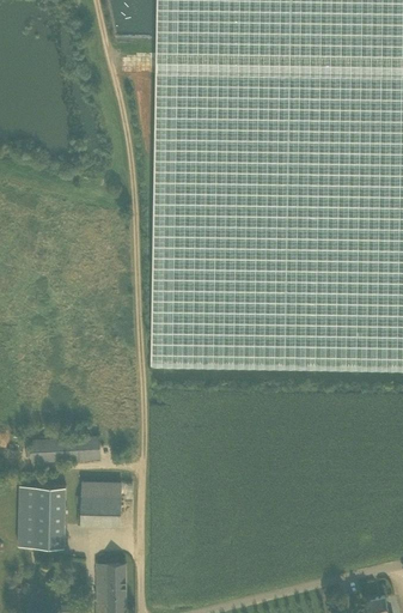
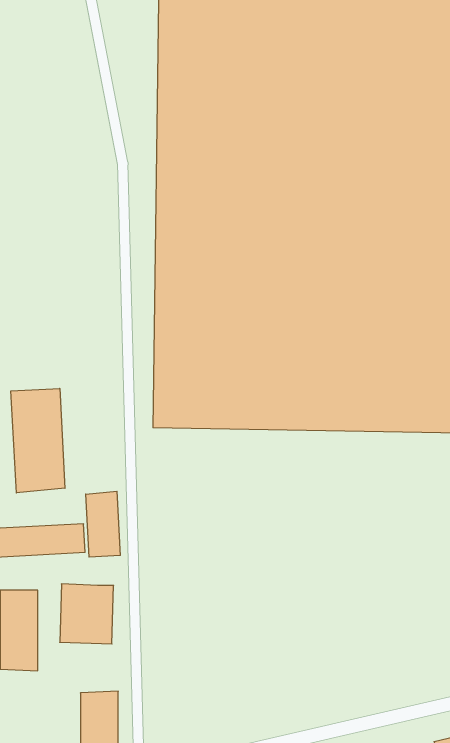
building: none -> [11,388,65,493]
building: none -> [86,491,120,557]

